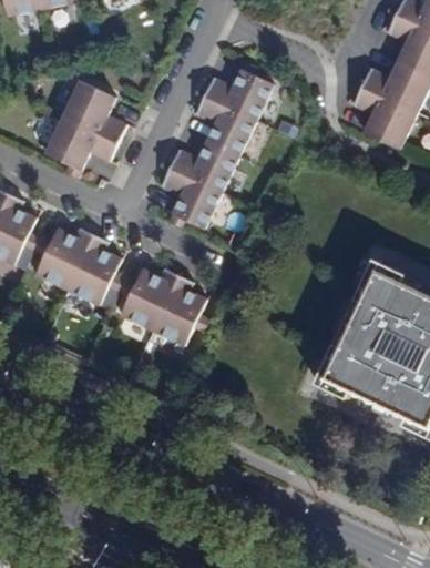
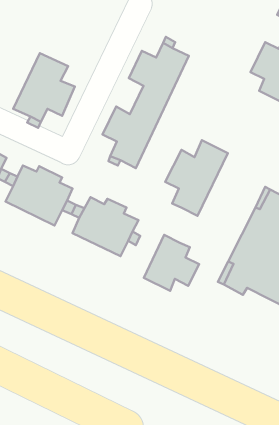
building: none -> [165,140,228,216]
building: none -> [144,235,199,291]

